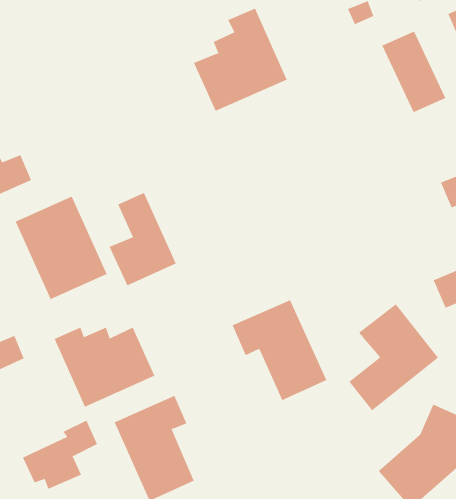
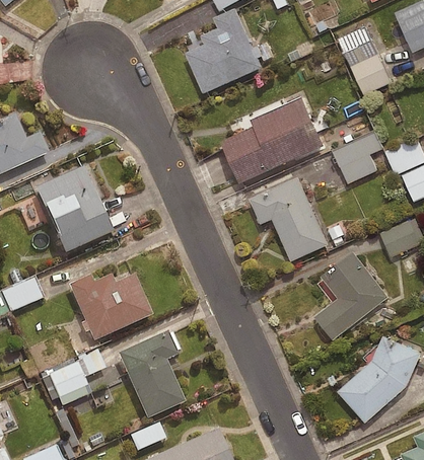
building: none -> [219,97,323,184]
building: none -> [336,134,383,184]
building: [109,192,177,286] -> none
building: [232,299,327,401] -> [249,178,328,262]

